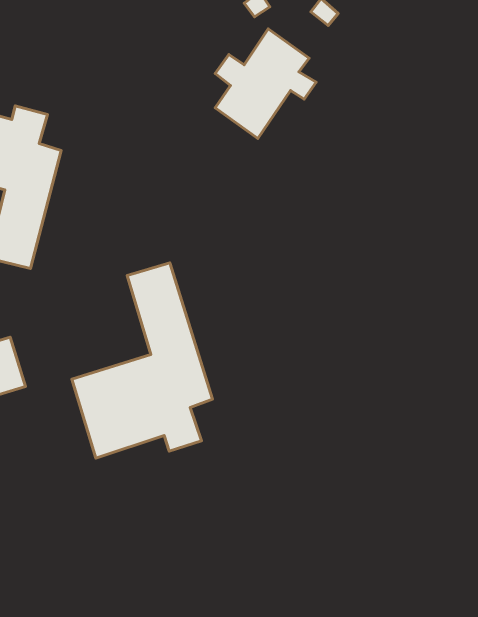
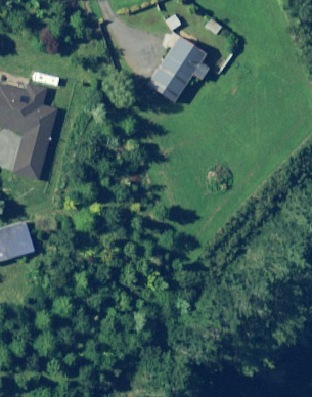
building: [72,263,212,458] -> none

